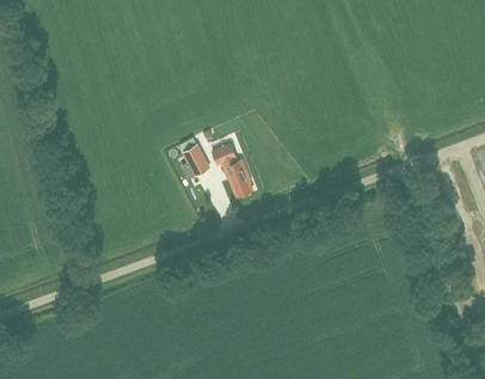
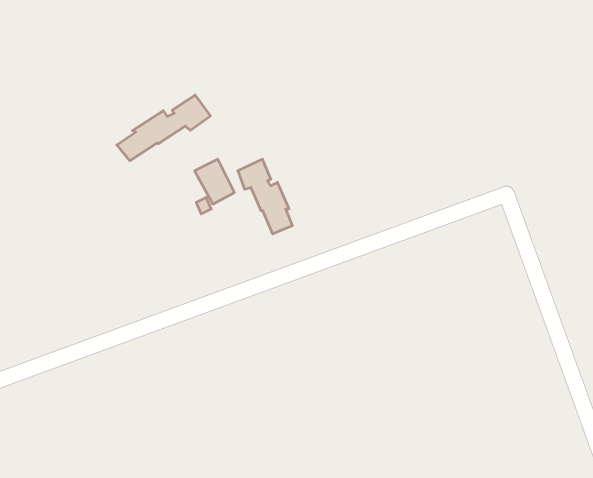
building: none -> [117,95,210,161]

